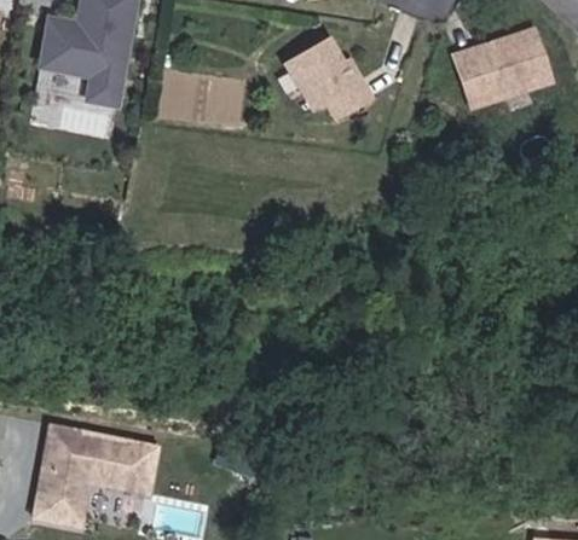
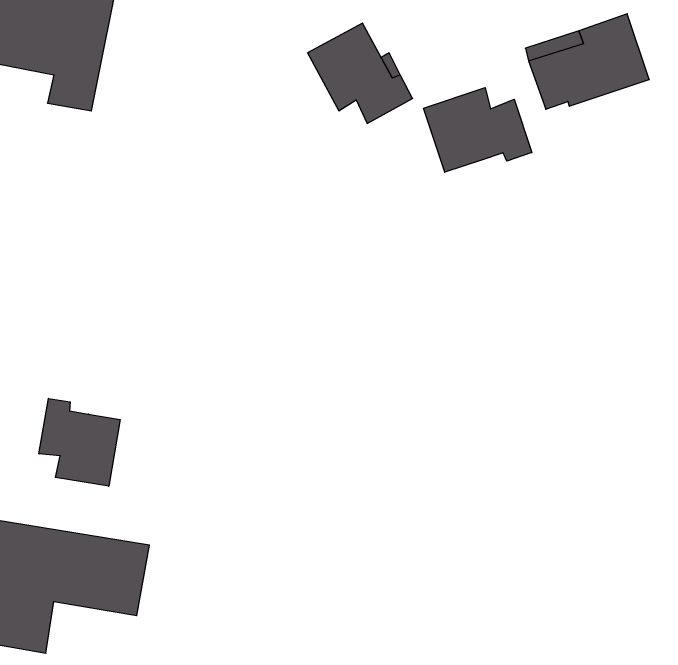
building: none -> [423,88,532,172]
building: none -> [39,398,120,486]

